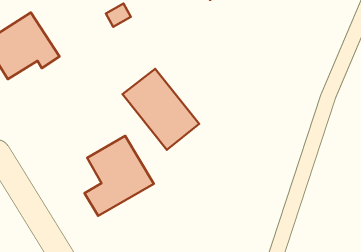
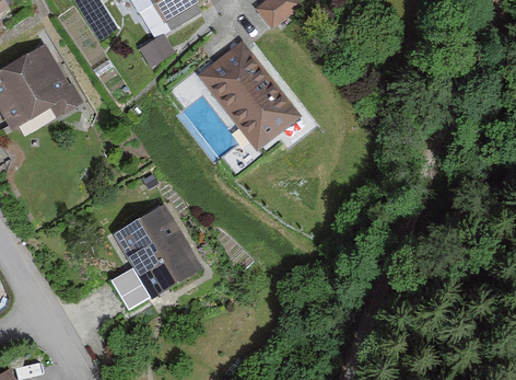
building: [122,69,199,150] -> [198,43,297,148]

